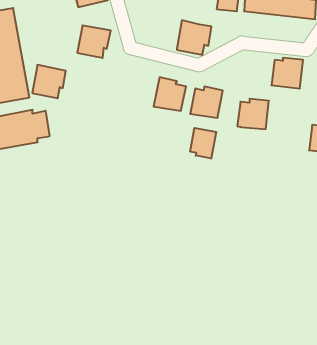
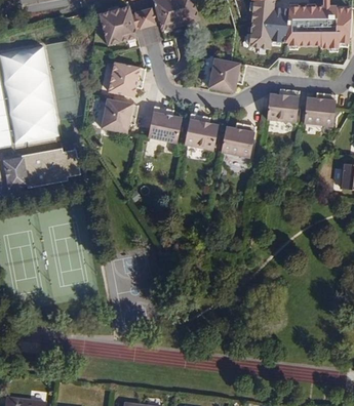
building: [32,65,66,98] -> [101,97,134,131]
building: none -> [149,106,182,140]
building: [237,99,269,129] -> [267,90,299,121]
building: [190,128,216,159] -> none

